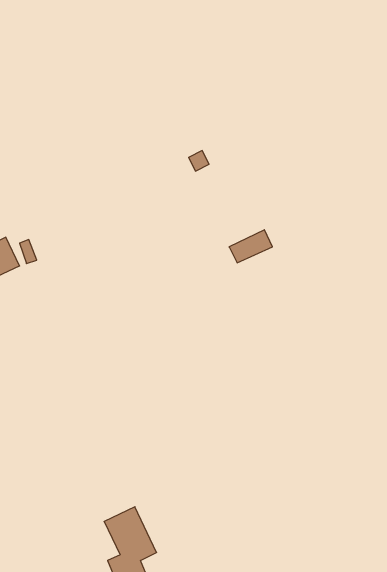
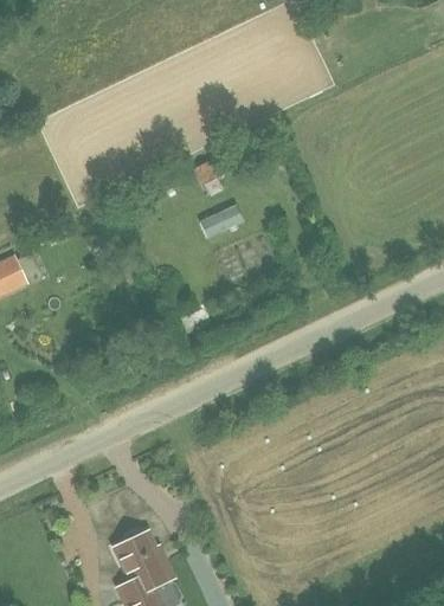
building: [229,230,272,263] -> [198,202,243,237]

